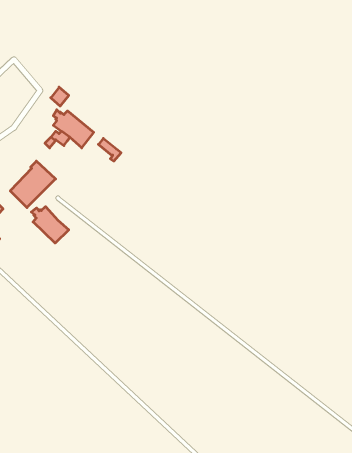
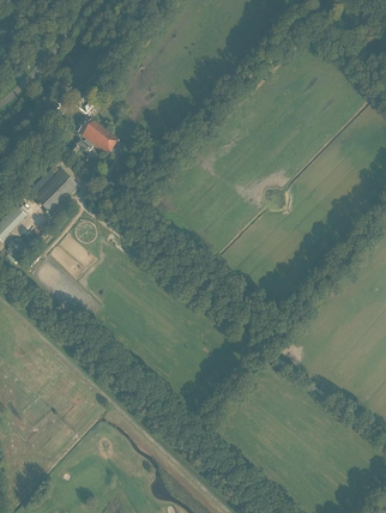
building: [31,207,69,243] -> none

